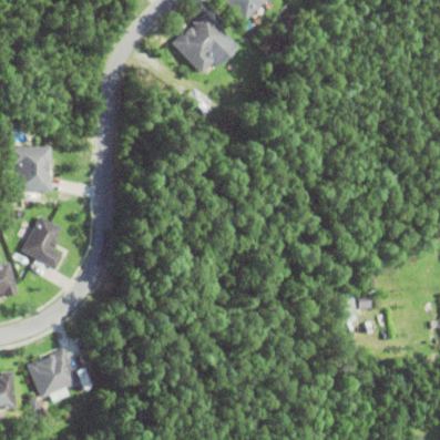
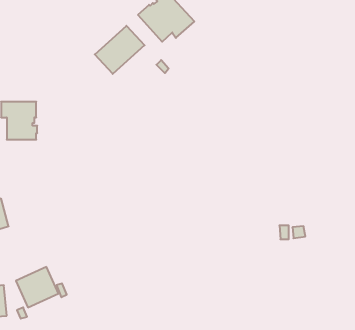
building: none -> [95,26,145,74]
building: [21,217,61,270] -> none

